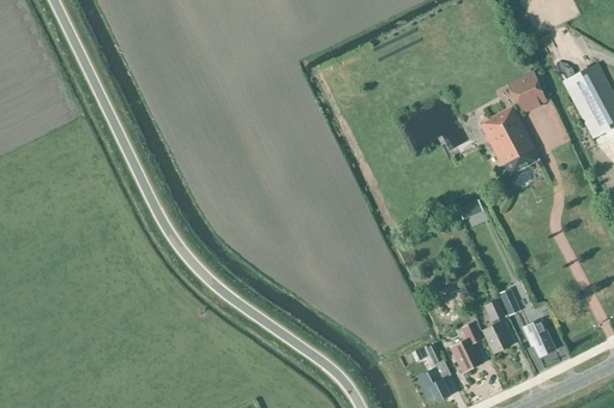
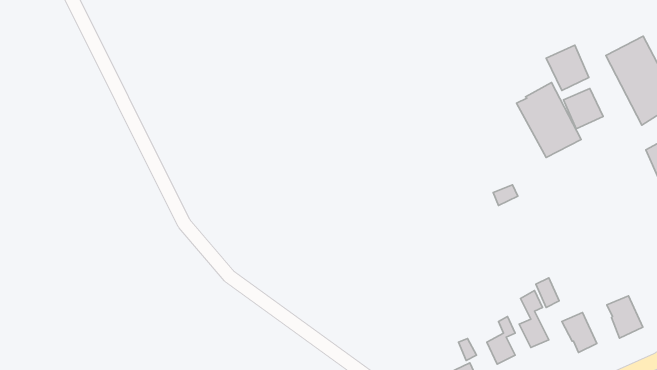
building: none -> [564,88,603,129]
building: none -> [607,296,643,338]

